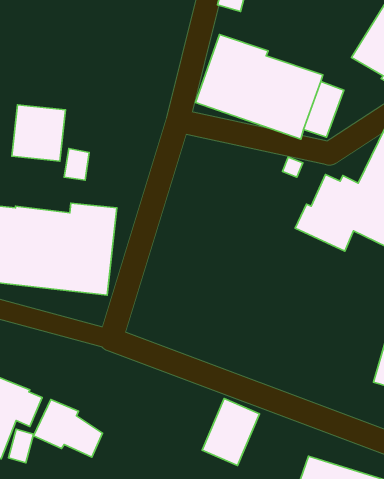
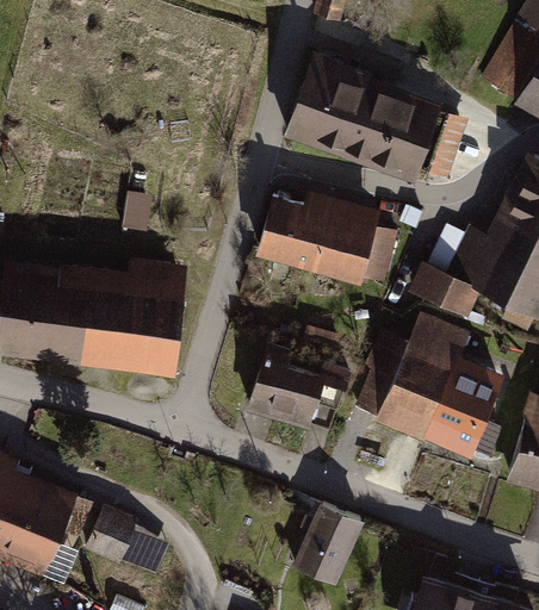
building: [12,105,65,161] -> none
building: none -> [256,189,398,285]
building: none -> [357,313,507,459]
building: none -> [247,343,353,432]

